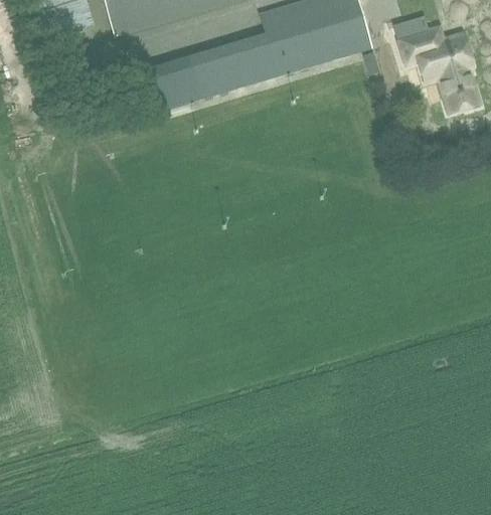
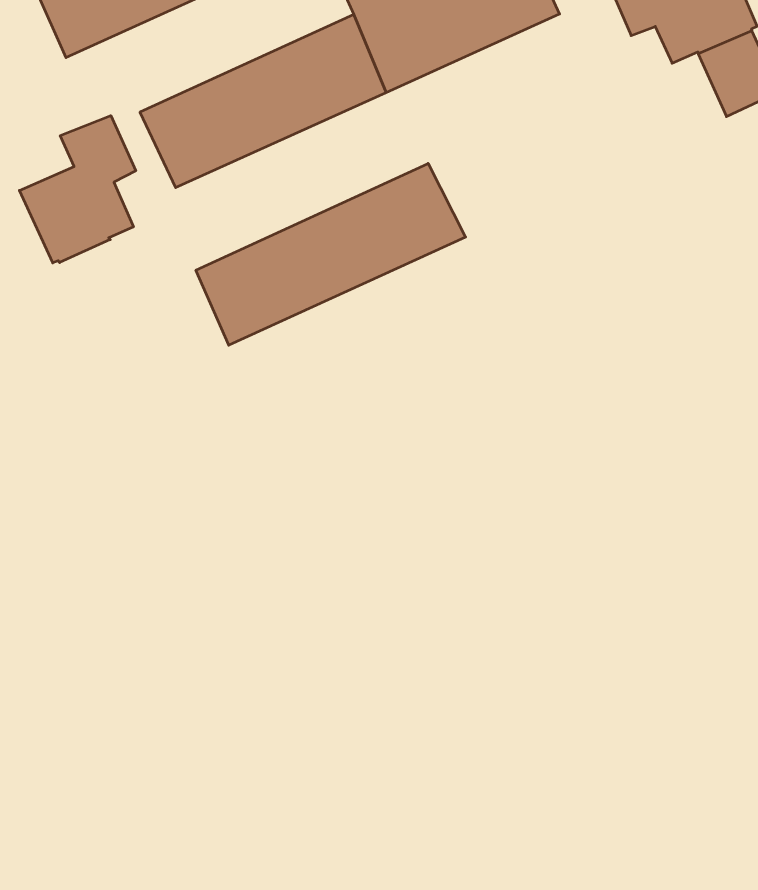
building: none -> [19,116,136,263]
building: none -> [196,163,466,345]

